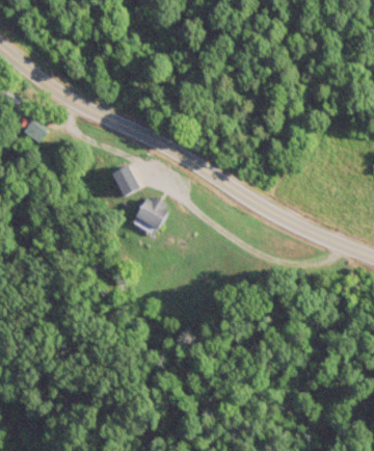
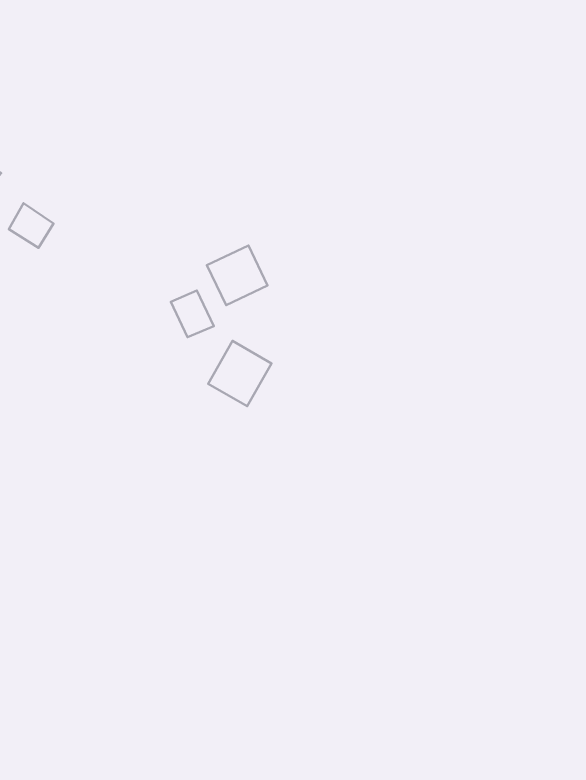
building: none -> [207,246,268,305]

